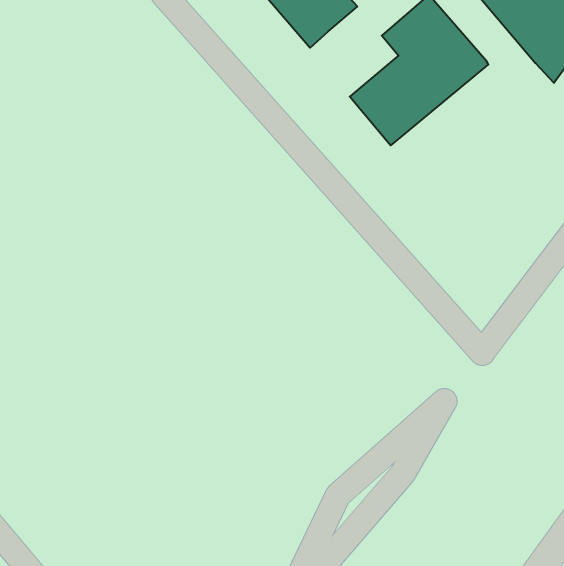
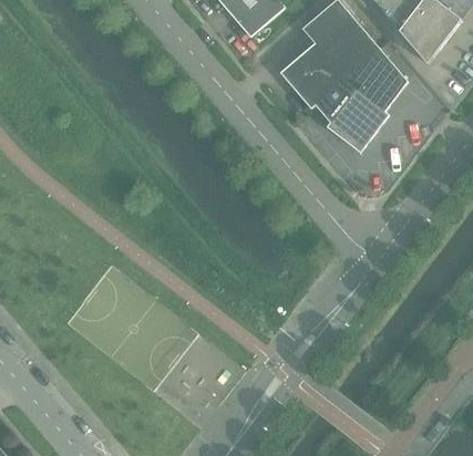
building: none -> [310,50,409,153]

